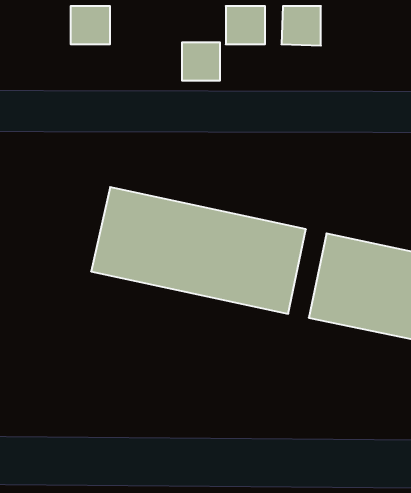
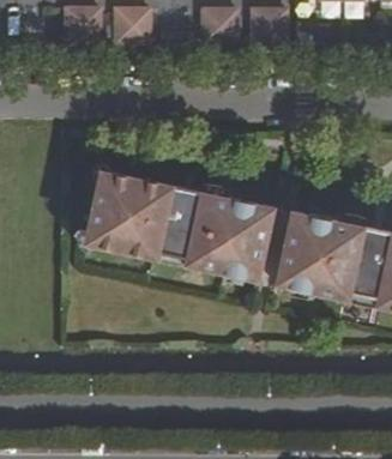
building: [182,42,220,81] -> [116,10,150,43]

